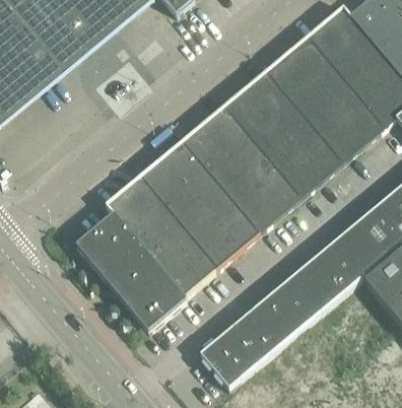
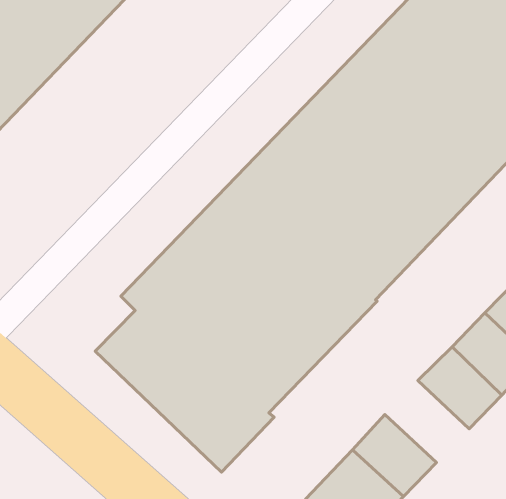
building: [258,285,311,339] -> none

